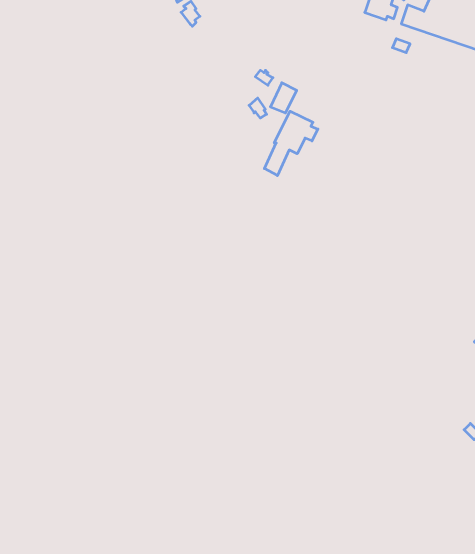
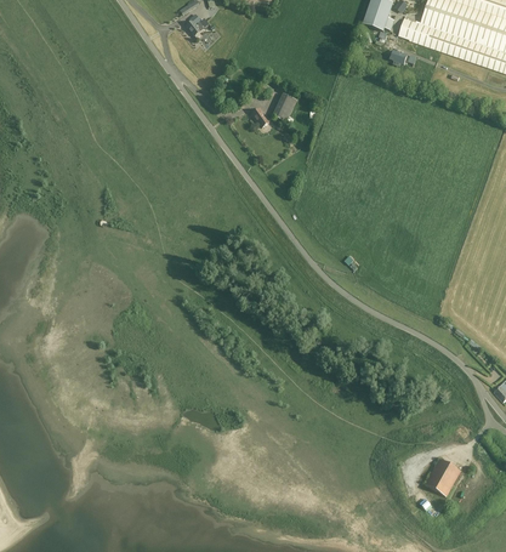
building: [264,111,318,176] -> none
building: none -> [423,457,461,496]

